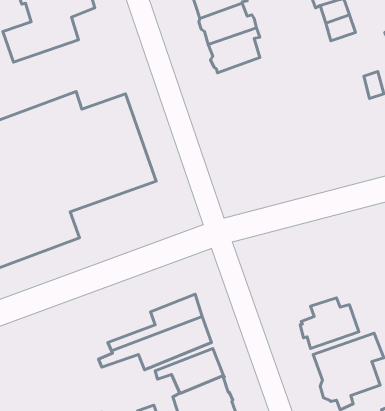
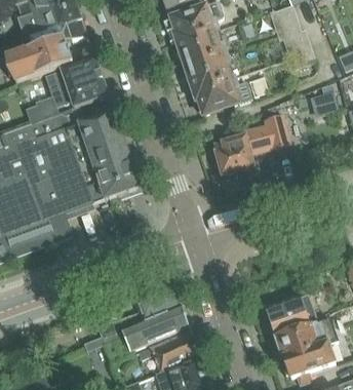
building: none -> [45,58,108,108]
building: none -> [193,77,250,115]
building: none -> [212,114,290,178]

